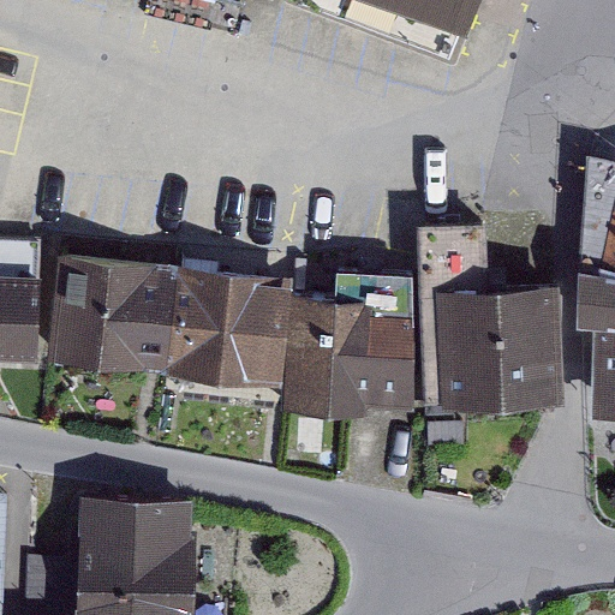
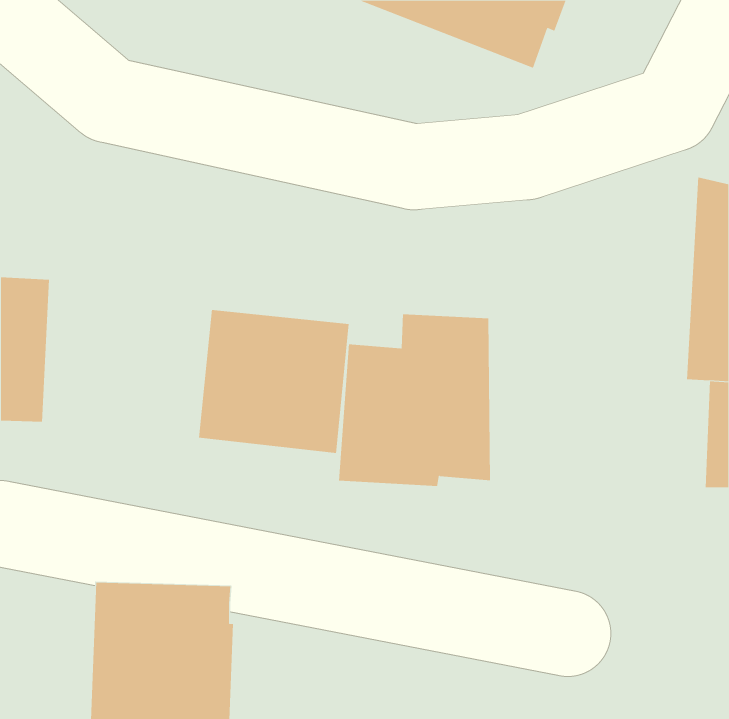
building: [419,226,567,411] -> none
building: [47,256,178,377] -> none

